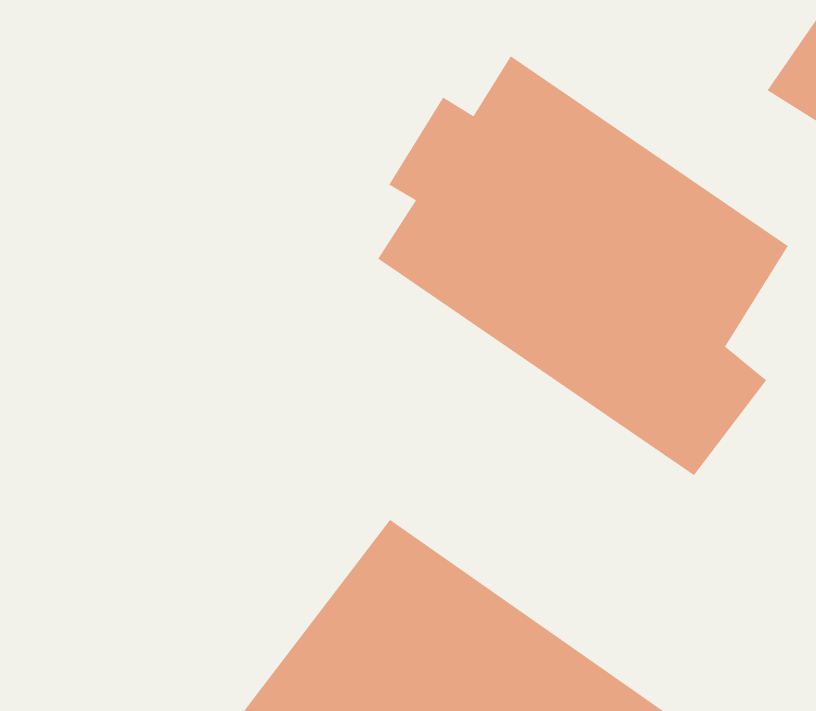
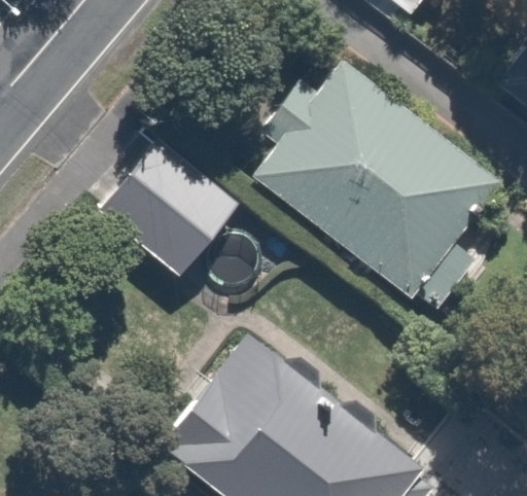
building: none -> [96,141,238,278]

